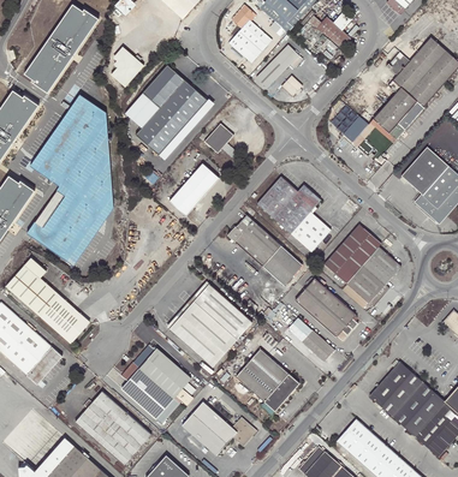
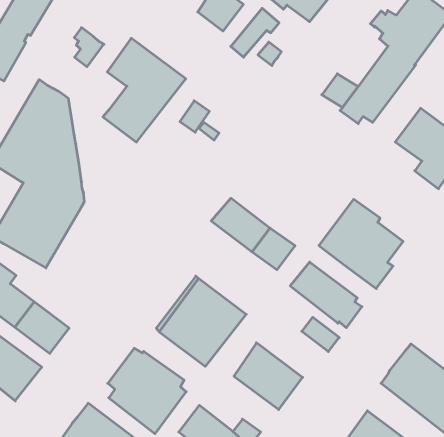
building: [125,91,160,126] -> none
building: [171,163,220,215] -> none
building: [257,177,331,252] -> none

